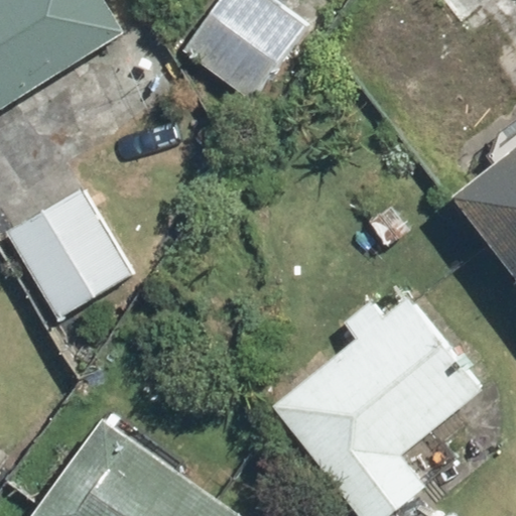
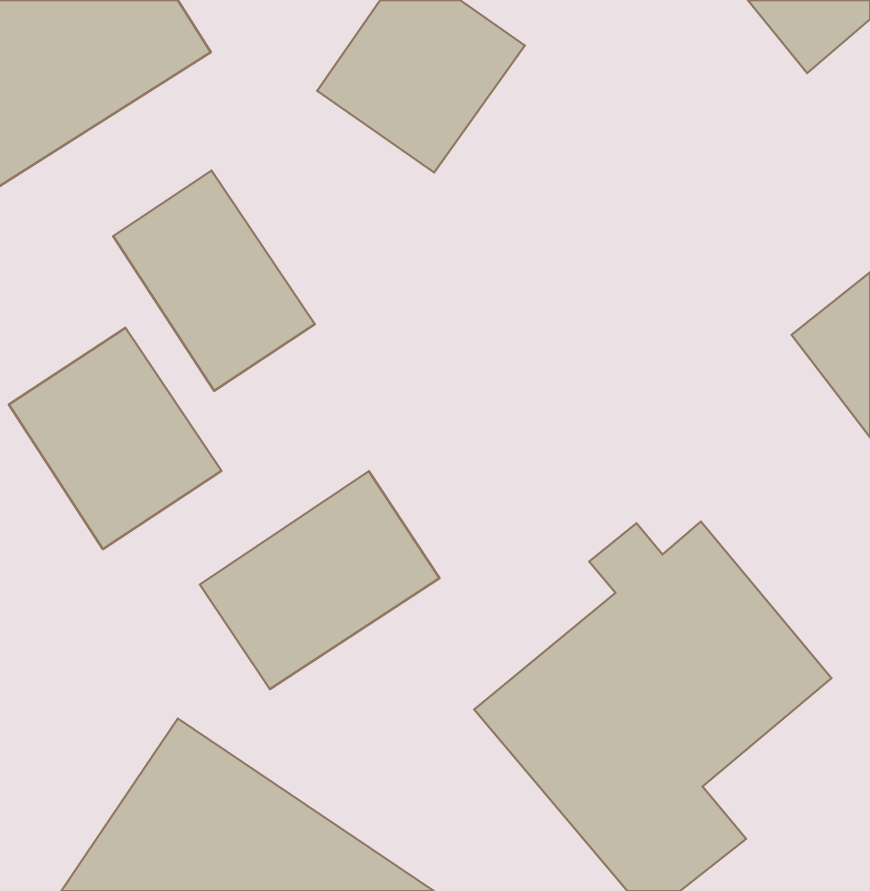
building: none -> [113,170,315,391]
building: none -> [200,471,439,689]

